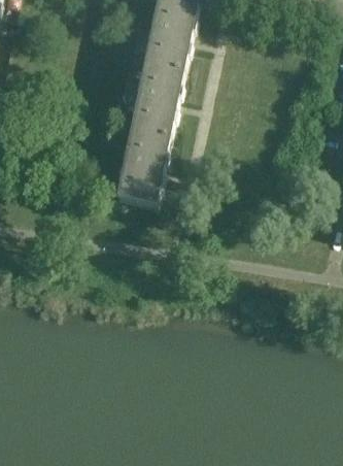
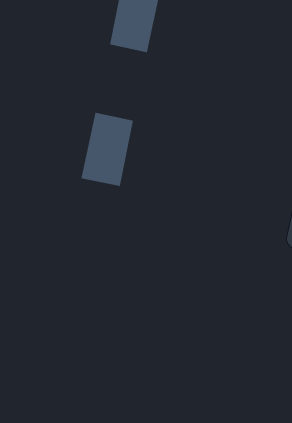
building: [130,62,182,137] -> none

